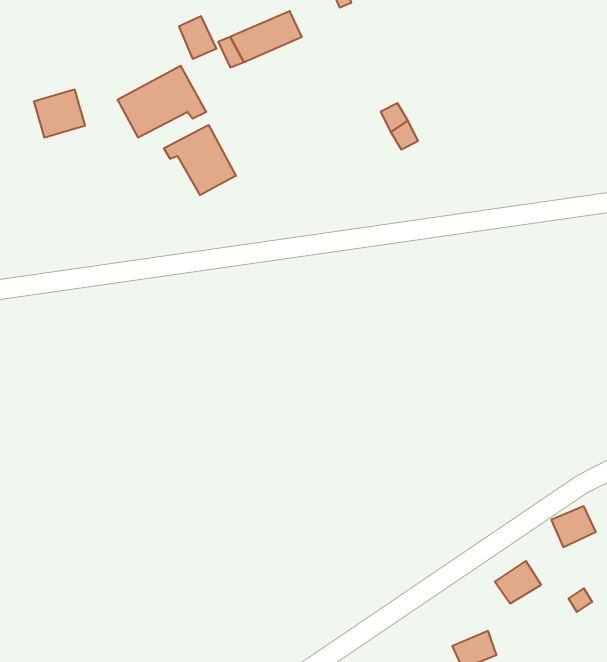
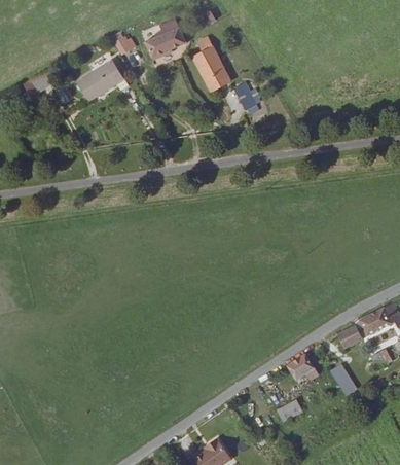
building: none -> [190,45,227,88]
building: [164,125,236,195] -> none

